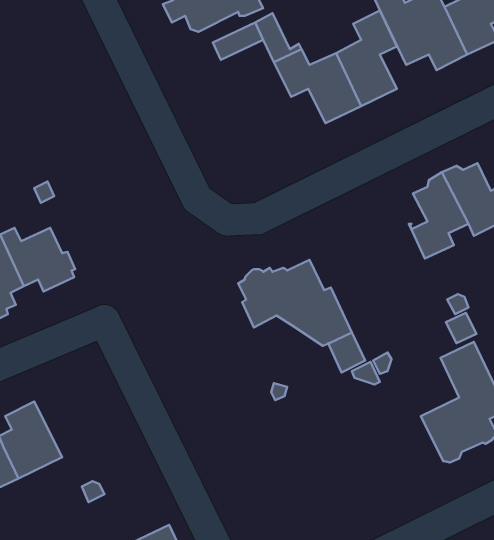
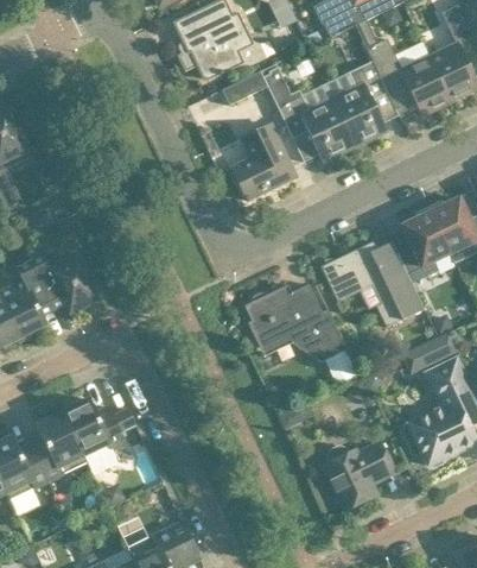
building: none -> [231,122,295,198]
building: none -> [320,240,425,326]
building: none -> [62,397,135,467]
building: none -> [323,440,394,509]

